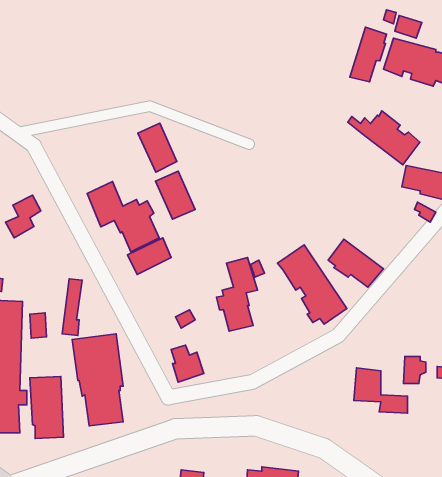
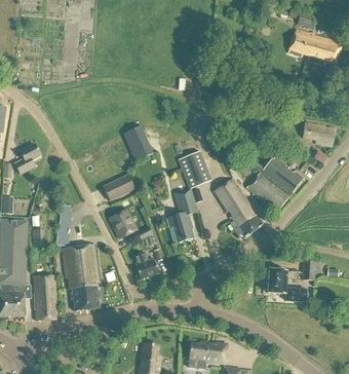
building: [350,27,387,82] -> none
building: [348,111,420,165] -> [250,155,303,194]
building: [138,123,177,172] -> none
building: [87,181,159,252] -> none
building: none -> [178,150,210,188]
building: none -> [109,209,137,237]

